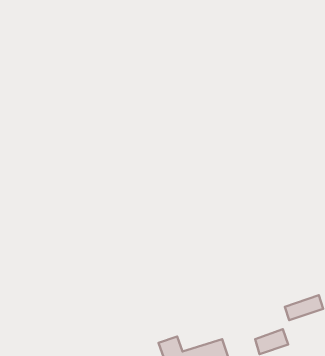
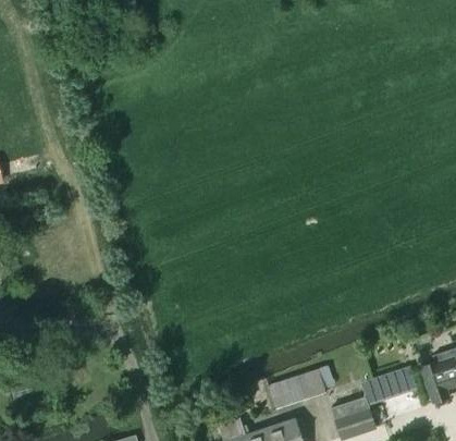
building: none -> [267,368,325,409]

